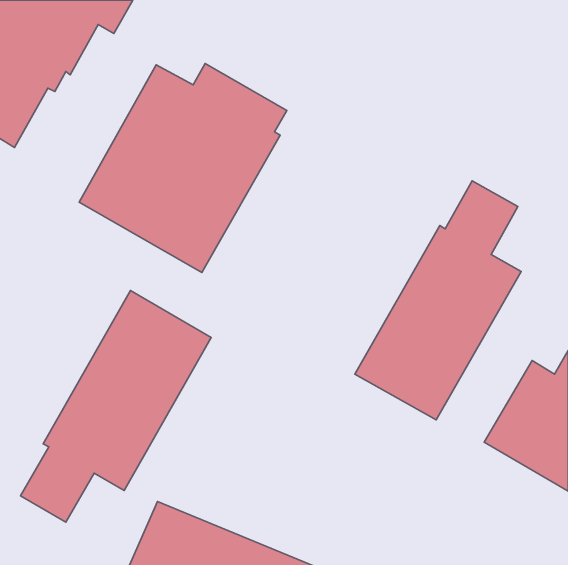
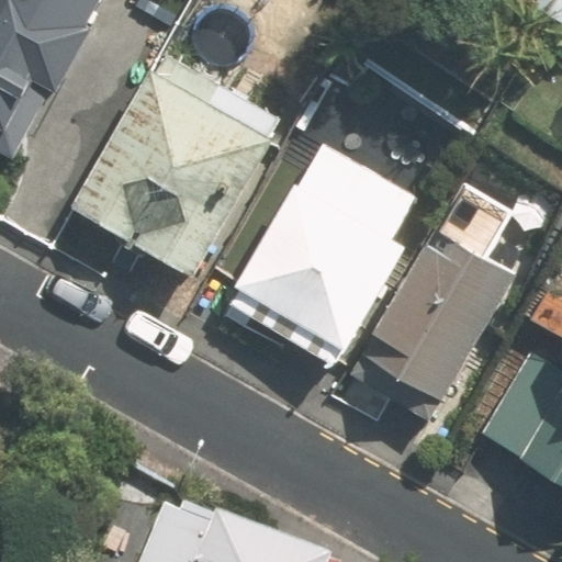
building: none -> [226,140,423,363]
building: [20,291,211,522] -> none

